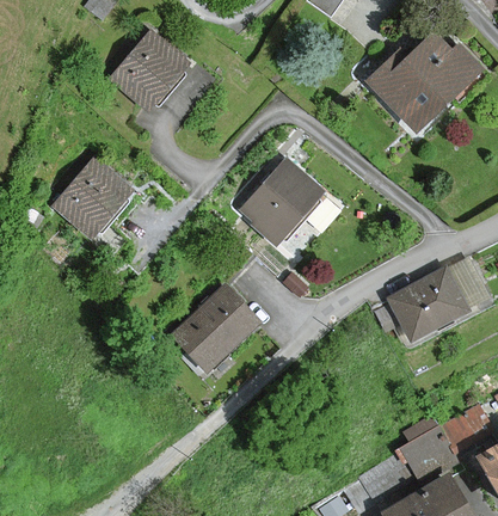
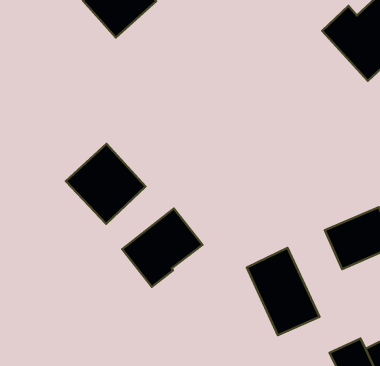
building: [57,159,143,245] -> [66,144,146,224]
building: [241,160,326,245] -> none
building: none -> [247,248,320,335]

